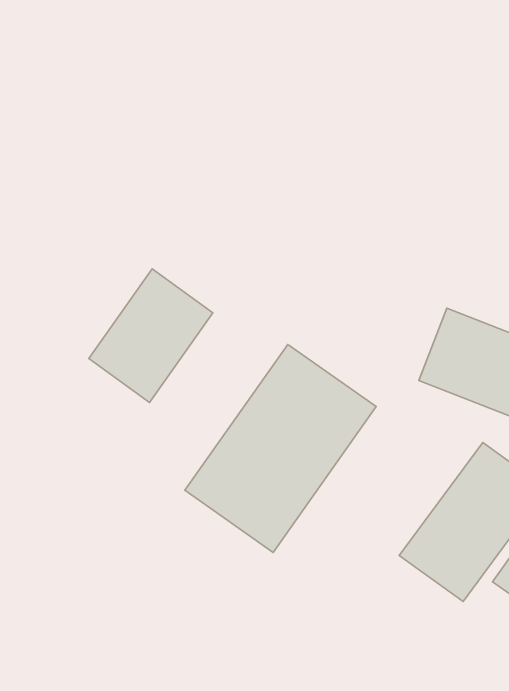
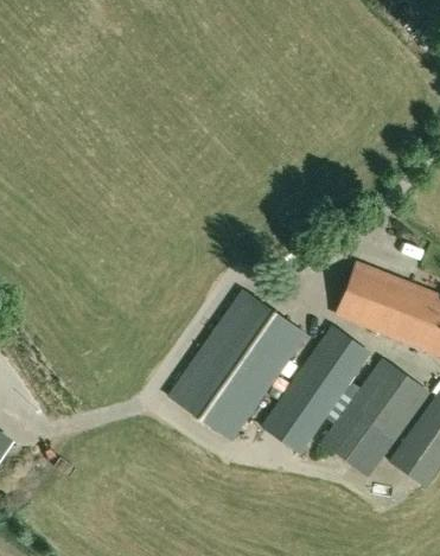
building: [89,269,213,403] -> none
building: none -> [263,327,370,454]

